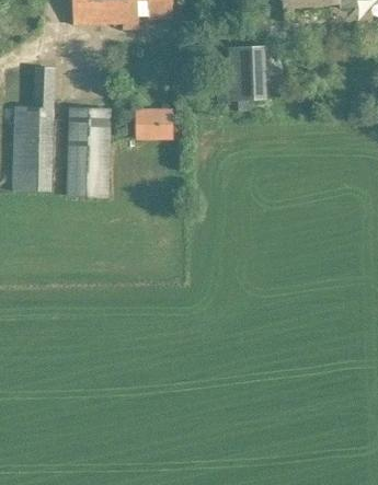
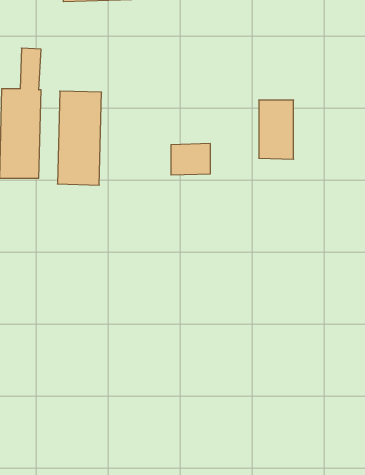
building: [234,45,267,101] -> [259,100,294,159]
building: [136,109,173,139] -> [171,144,210,175]

